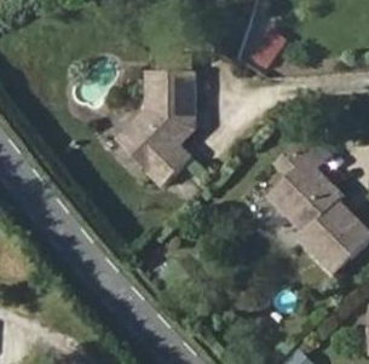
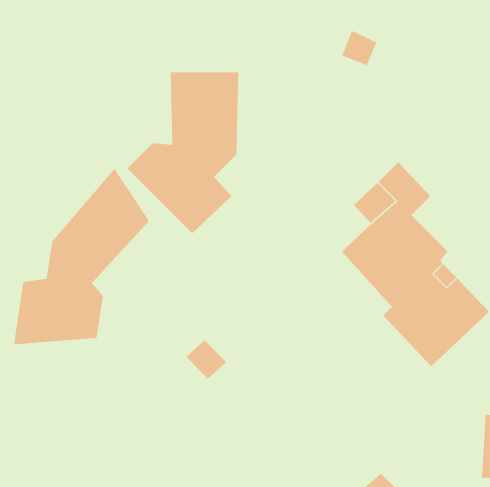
building: none -> [13,168,150,345]

